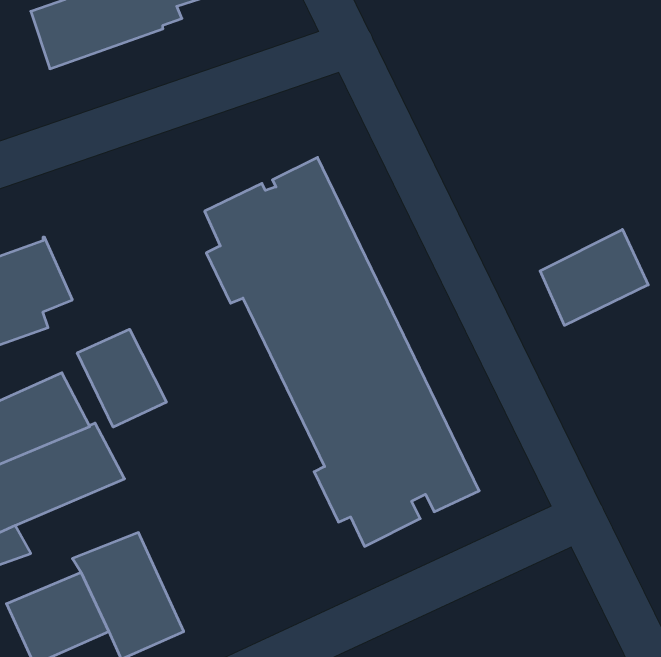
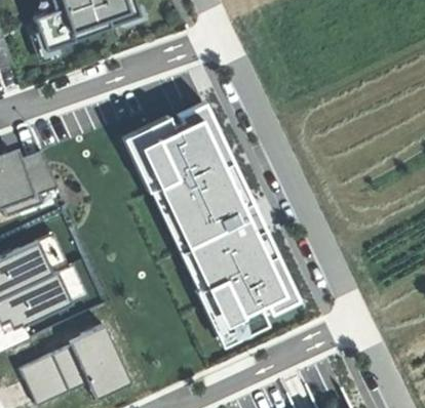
building: [540,229,648,325] -> none
building: [77,329,166,427] -> none

